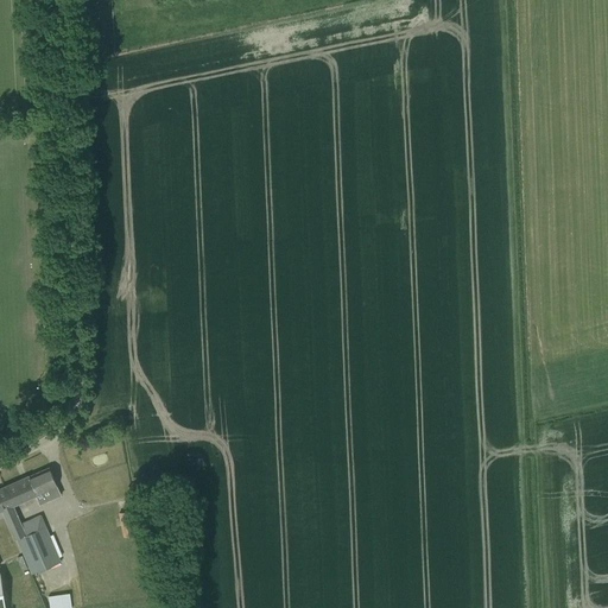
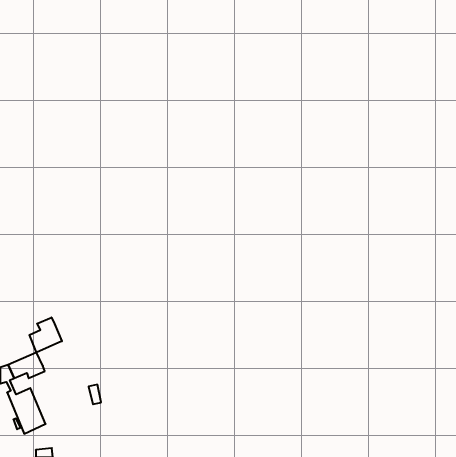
building: none -> [29,317,62,352]

